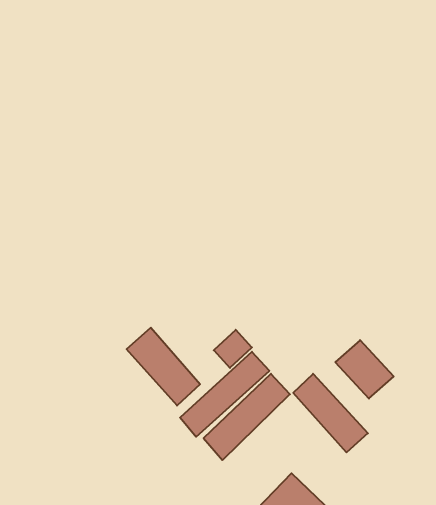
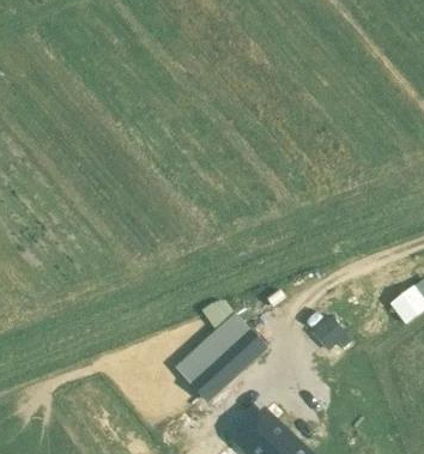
building: [127,328,200,406] -> none
building: [293,374,368,452] -> none

